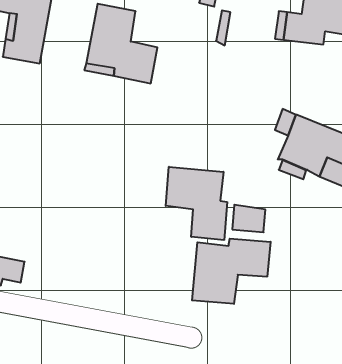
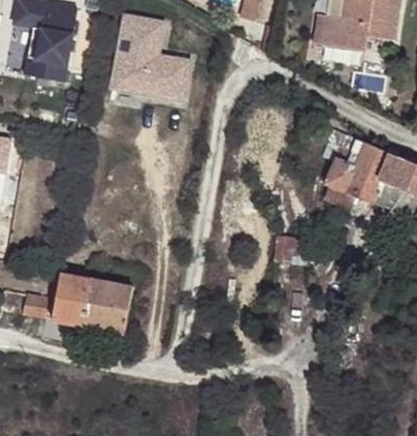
building: [166,167,227,240] -> none
building: [192,239,271,304] -> none
building: none -> [50,271,131,331]

